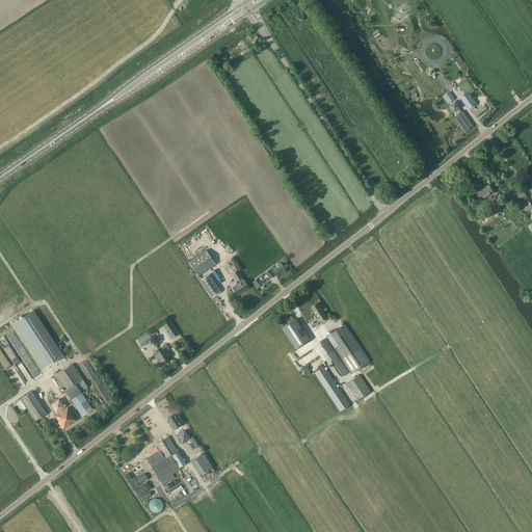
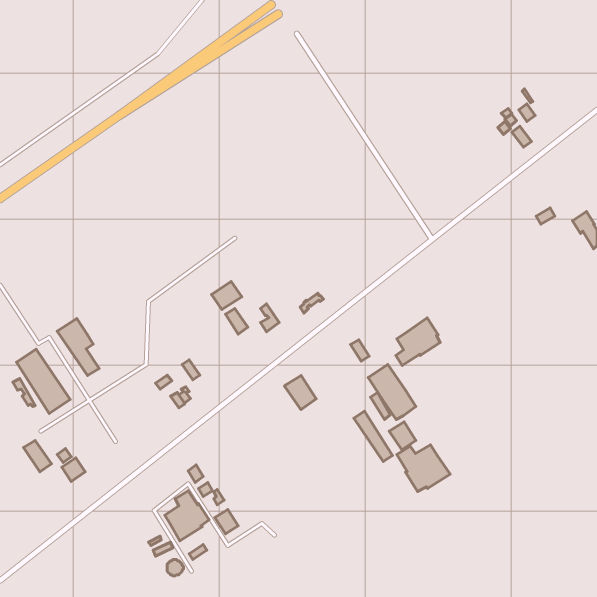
building: none -> [396,318,440,365]
building: [282,319,310,349] -> [285,376,316,409]
building: [55,365,92,416] -> [57,318,99,376]
building: none -> [397,445,450,492]

